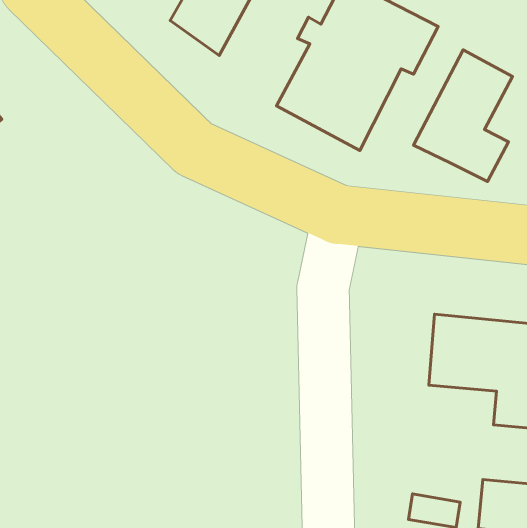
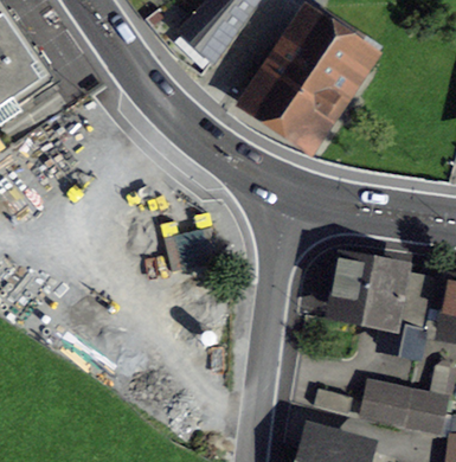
building: [414,50,513,181] -> none

